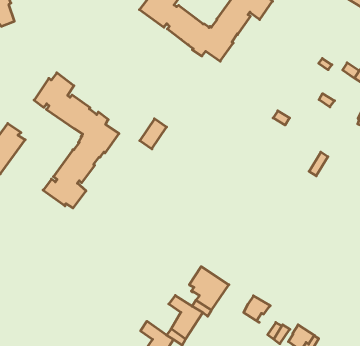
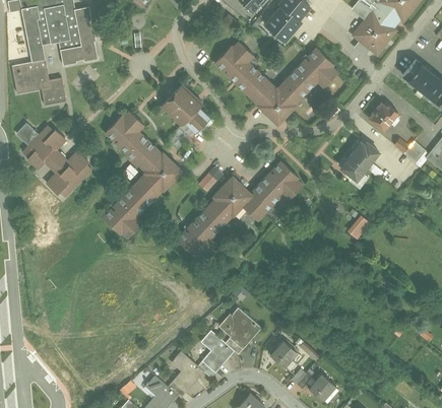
building: none -> [369,103,397,130]
building: none -> [161,84,213,136]
building: none -> [338,141,379,181]
building: none -> [176,161,302,260]

